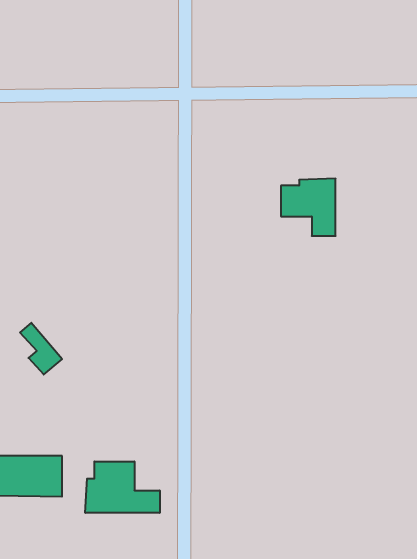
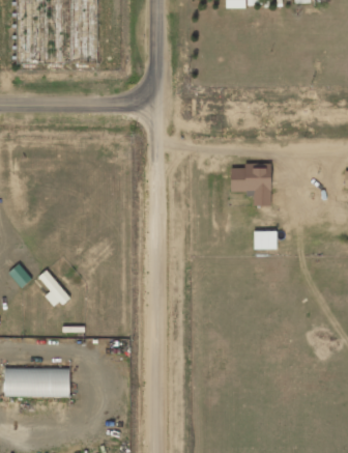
building: none -> [254,230,277,248]
building: [85,461,160,513] -> none

